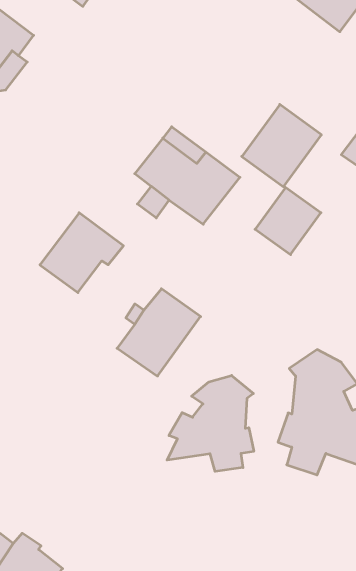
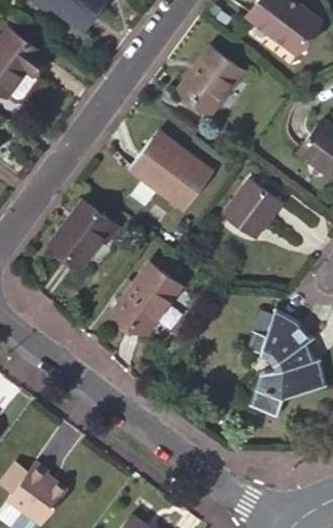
building: [242,104,321,187] -> [178,46,243,113]
building: [167,375,254,471] -> none

